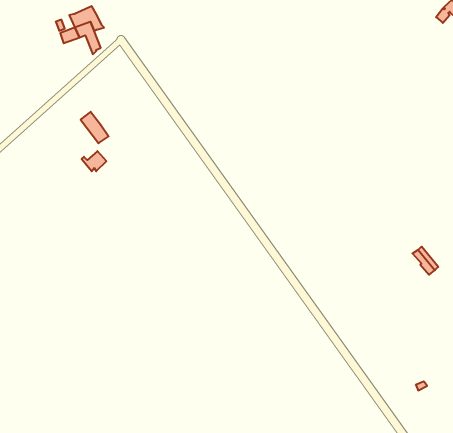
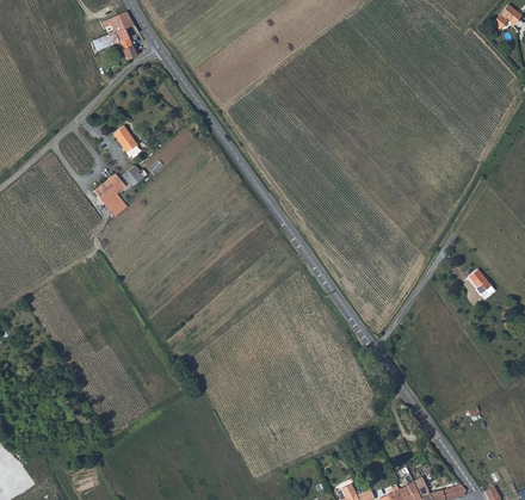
building: none -> [93,174,126,210]

